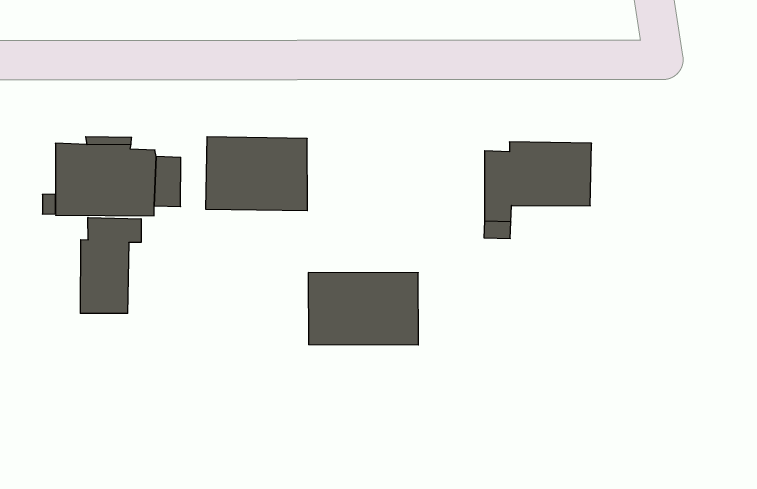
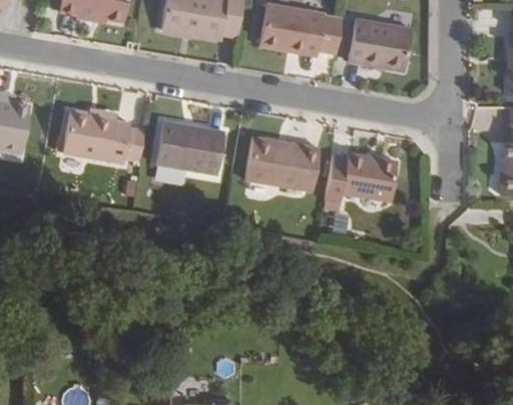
building: [80,217,141,313] -> none
building: [308,273,418,345] -> [244,136,319,191]

